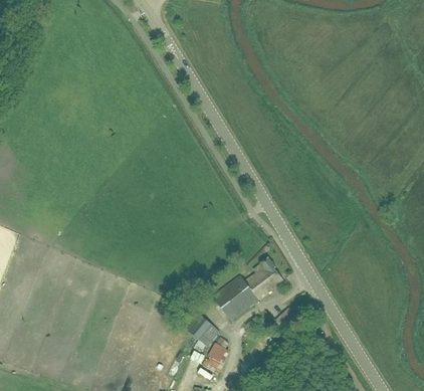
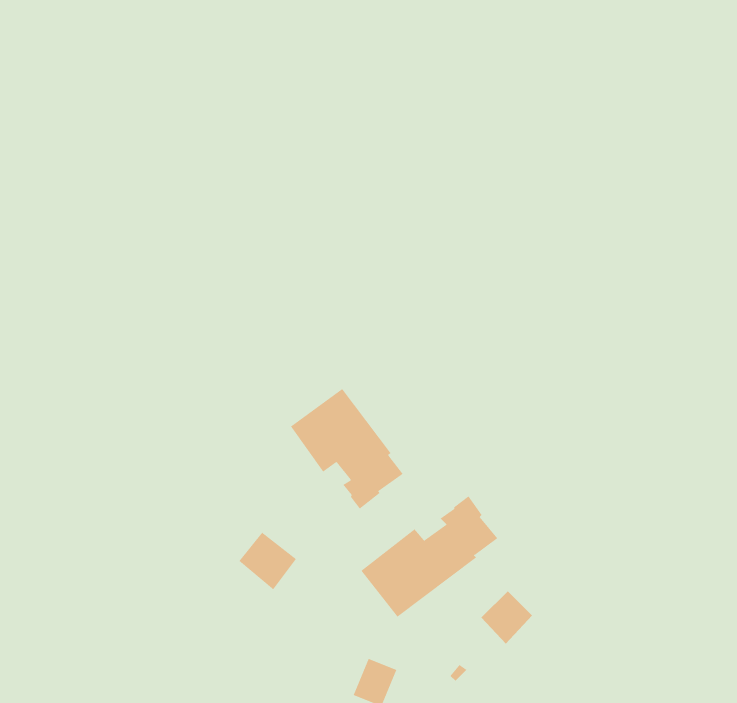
building: none -> [290,388,403,510]
building: [188,317,218,347] -> [239,532,297,590]

